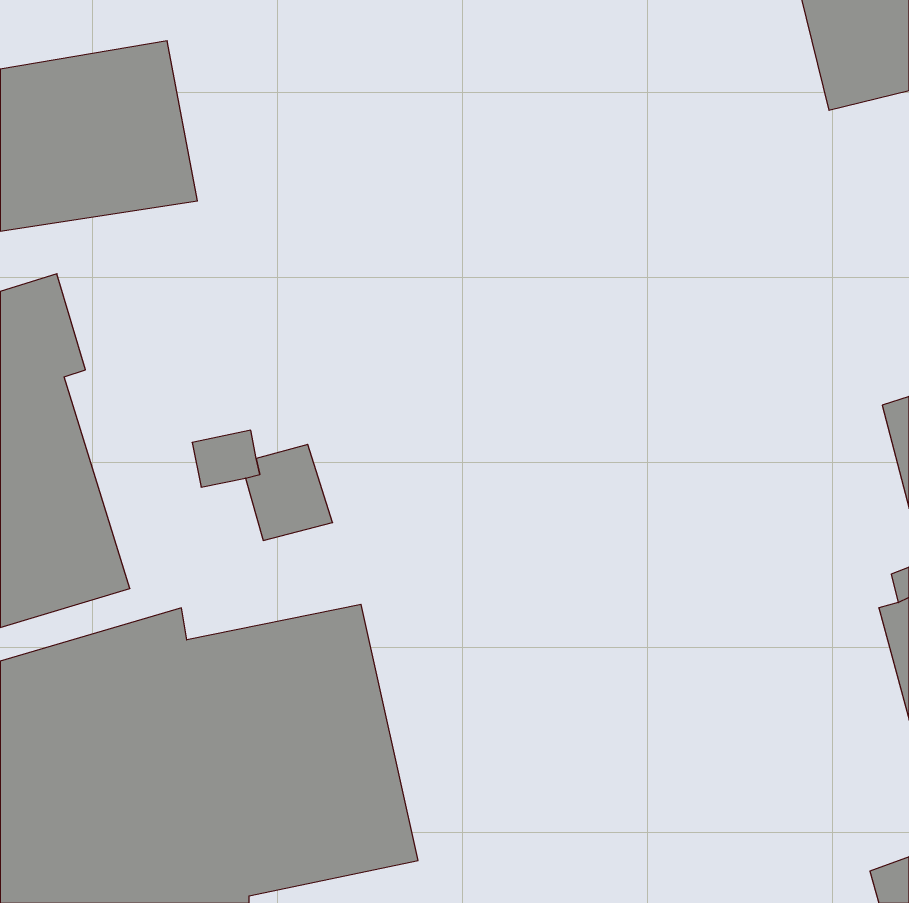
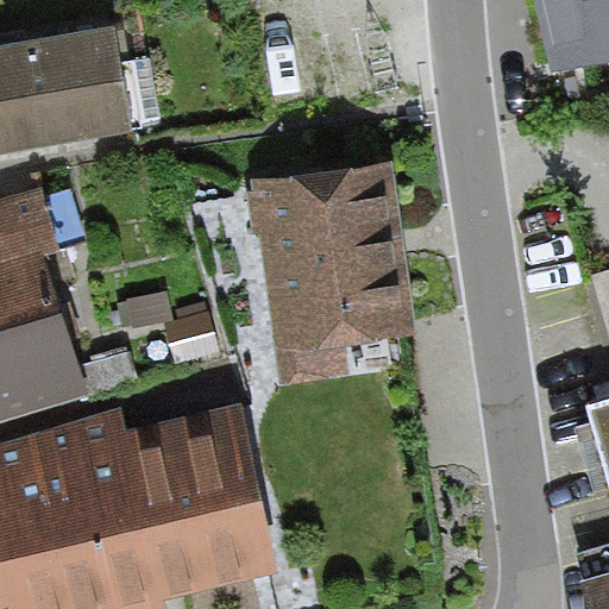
building: none -> [247,162,419,384]

